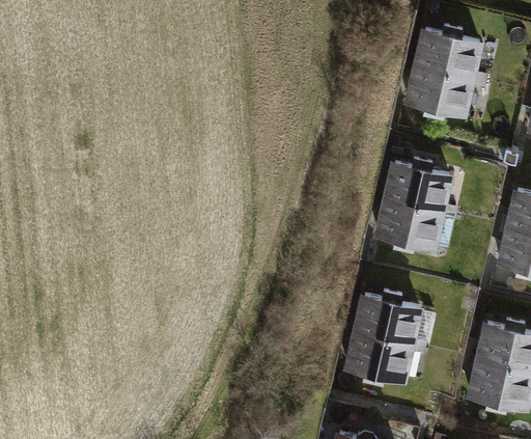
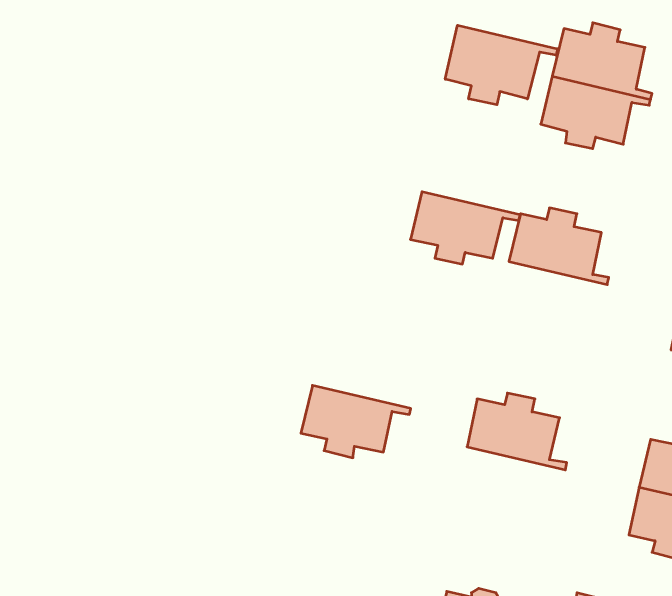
building: none -> [445,25,557,105]
building: [375,198,454,250] -> [410,192,520,264]
building: [345,331,424,383] -> [301,385,411,458]

